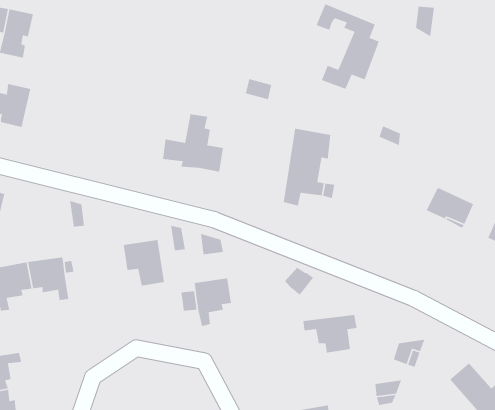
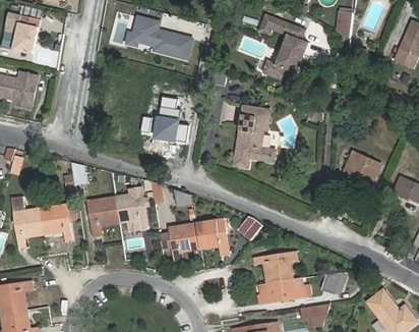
building: none -> [124,14,193,60]
building: none -> [83,198,113,235]
building: none -> [191,218,225,254]
building: none -> [254,278,298,303]

